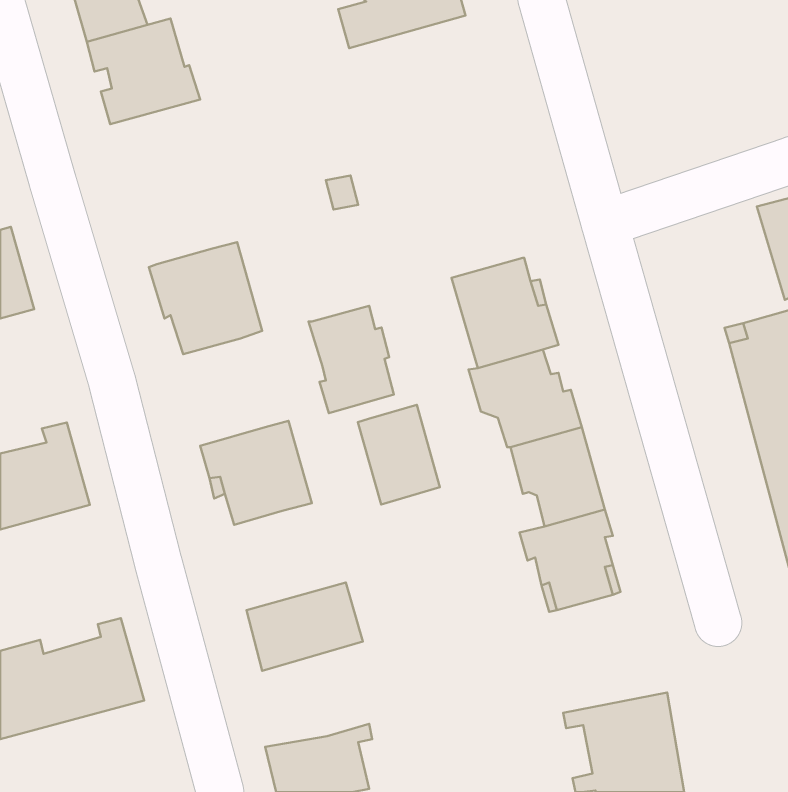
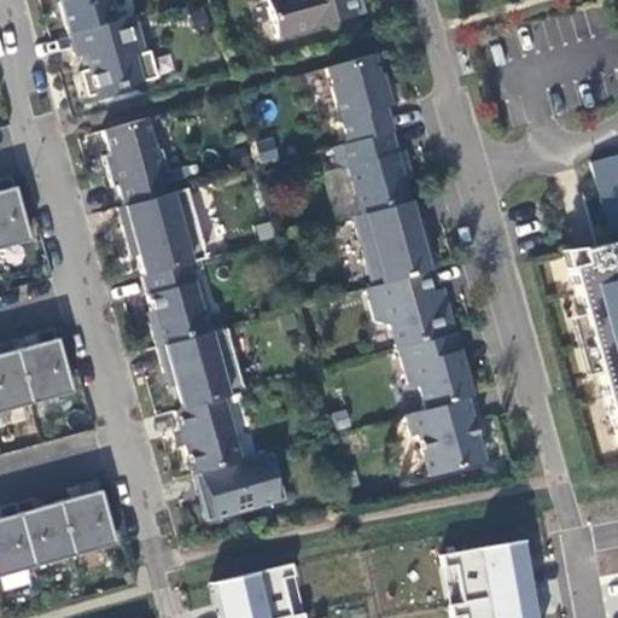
building: none -> [328,54,412,214]
building: none -> [104,118,169,205]
building: [309,306,394,413] -> [144,263,210,346]
building: [358,405,440,504] -> [177,397,241,474]

